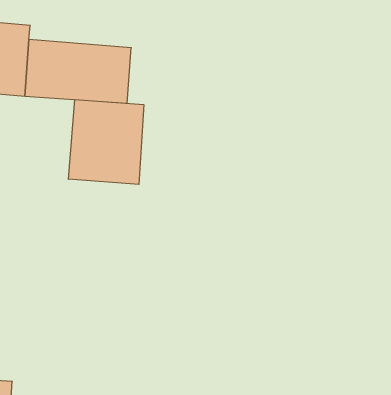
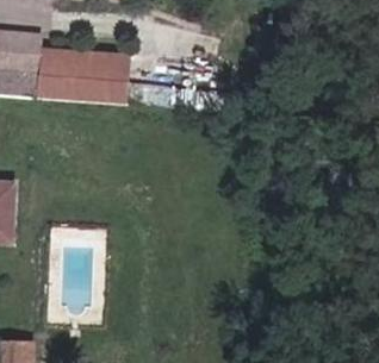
building: [68,100,144,184] -> none

